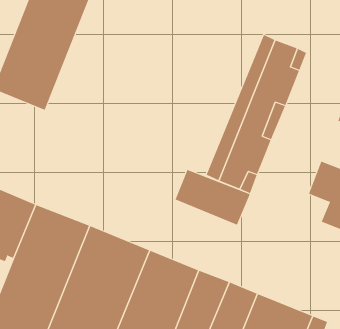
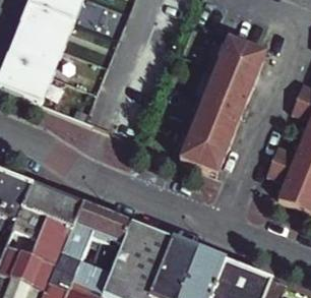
building: [175,169,250,225] -> none

